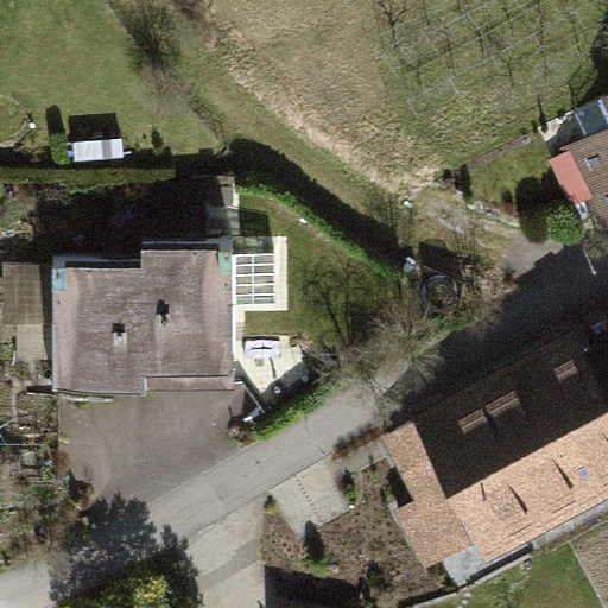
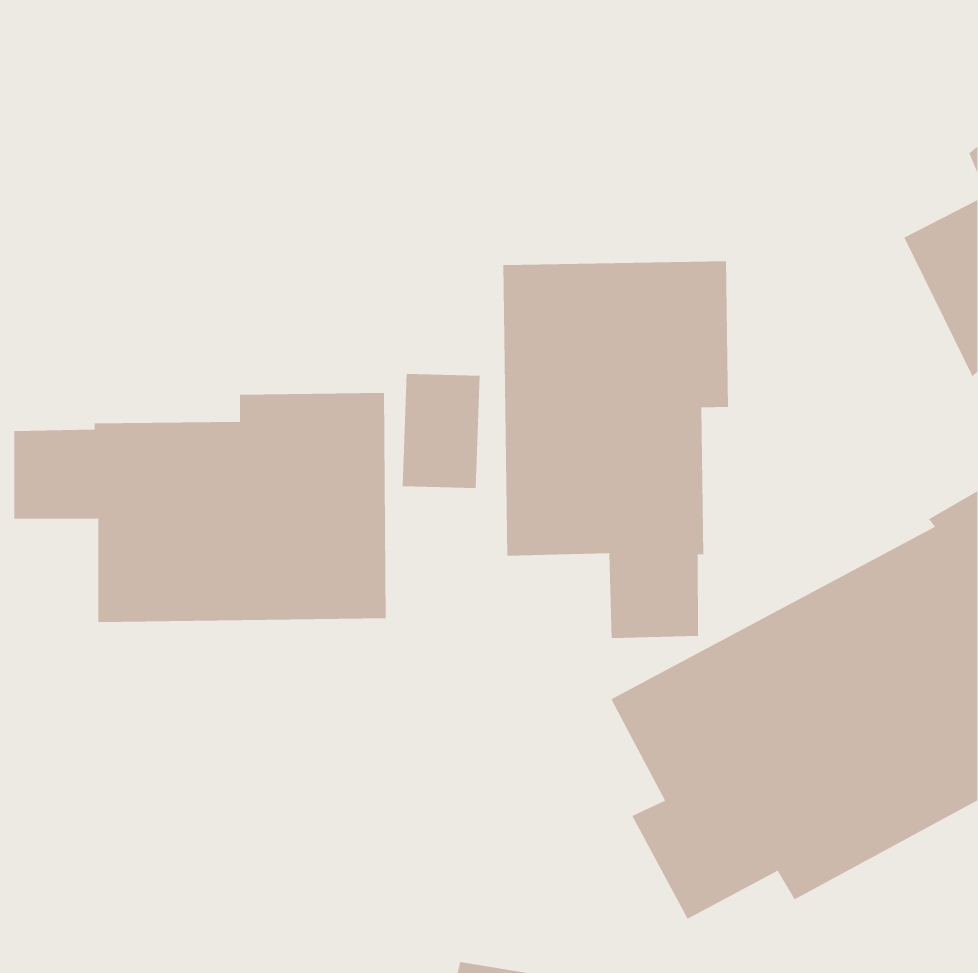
building: none -> [503,261,728,639]

